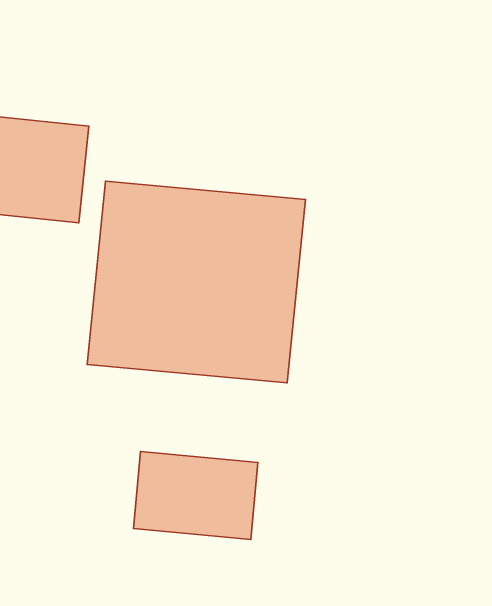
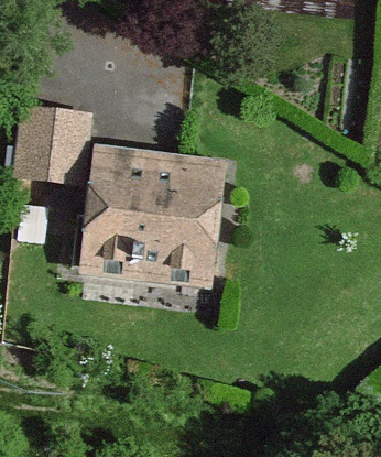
building: [133,452,258,539] -> none

